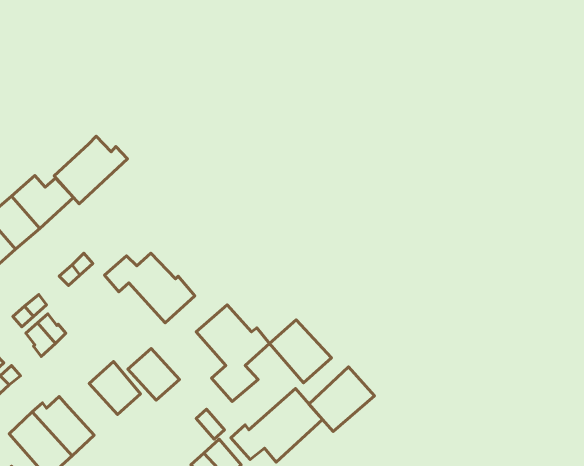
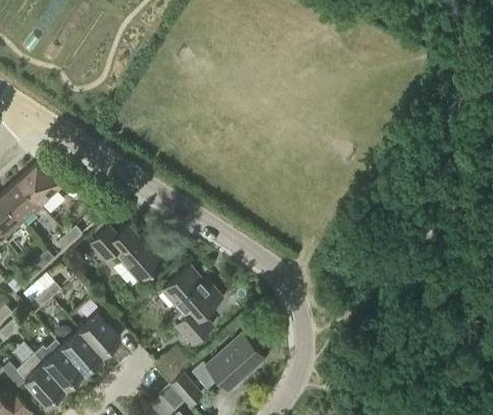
building: [54,136,128,204] -> none
building: [270,320,332,383] -> none
building: [128,349,179,400] -> [60,331,101,372]
building: [309,367,374,431] -> none

